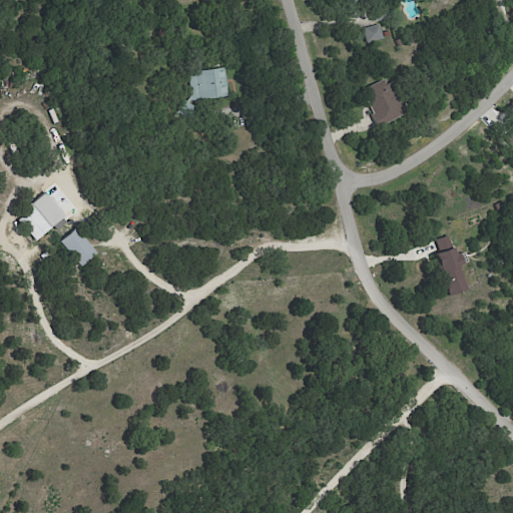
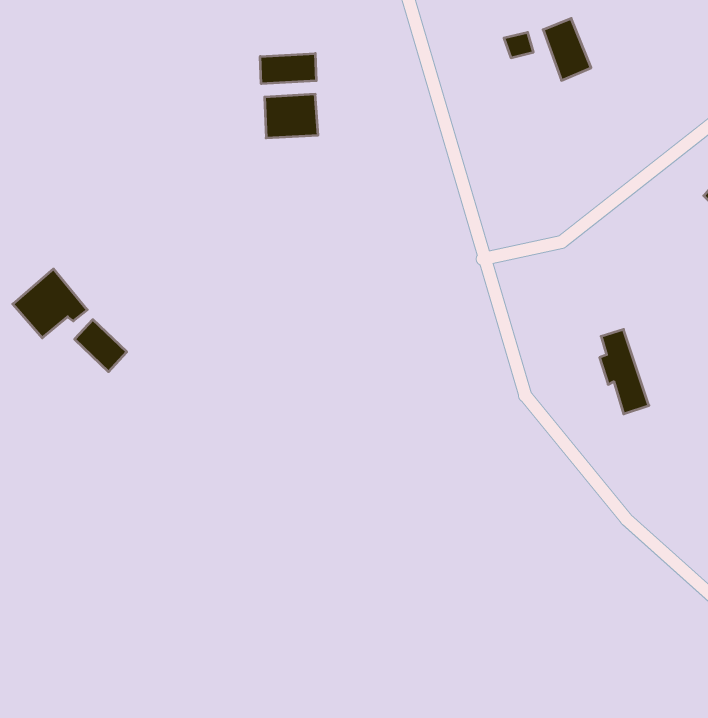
building: none -> [260,53,316,84]
building: [367,80,401,124] -> [543,18,591,80]

